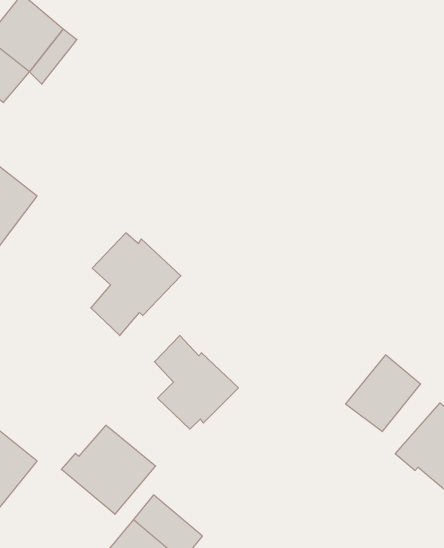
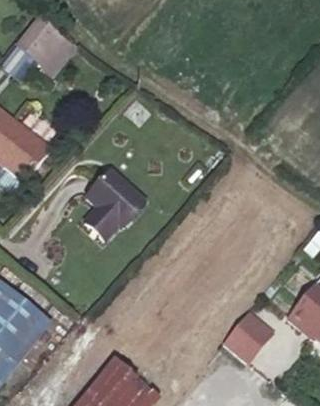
building: [154,335,238,429] -> none
building: [346,355,421,432] -> [221,311,270,361]
building: [61,425,156,514] -> none

